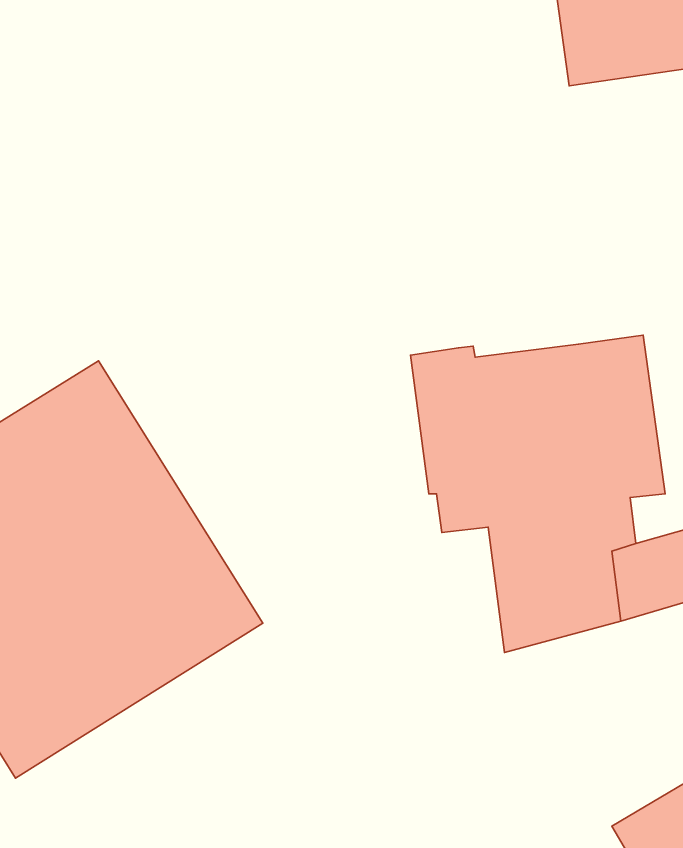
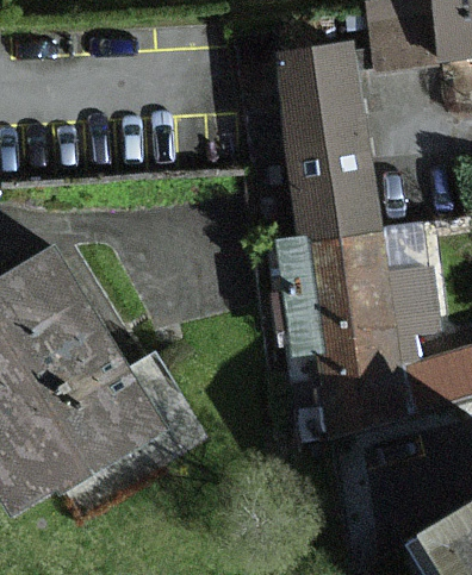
building: none -> [278,44,380,244]

